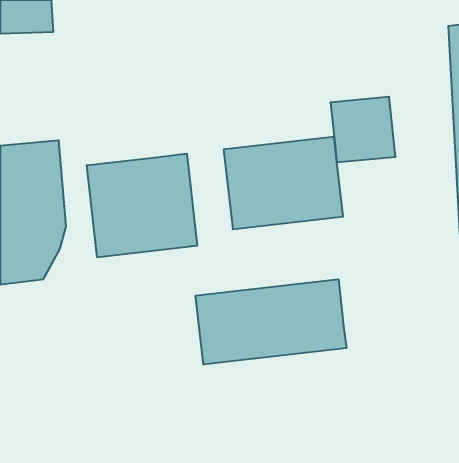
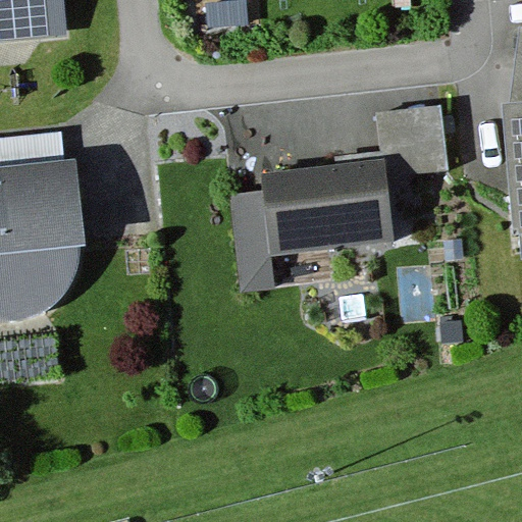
building: [87,154,197,257] -> none
building: [196,279,346,365] -> none

